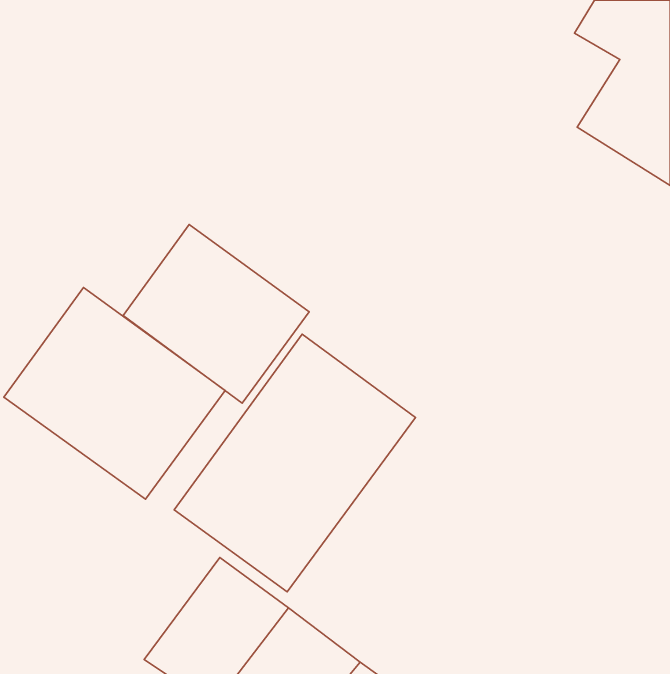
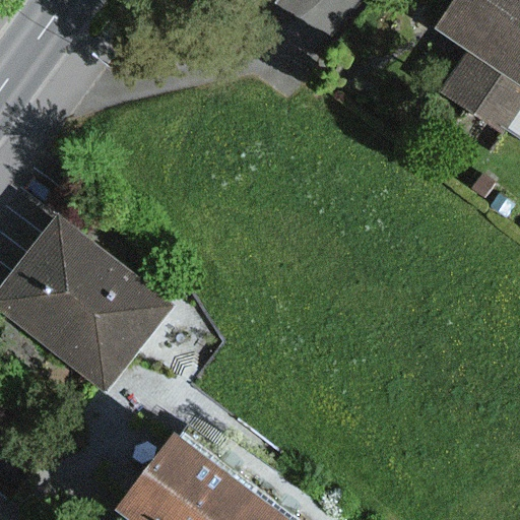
building: [123,225,309,403] -> none
building: [174,334,416,592] -> none

